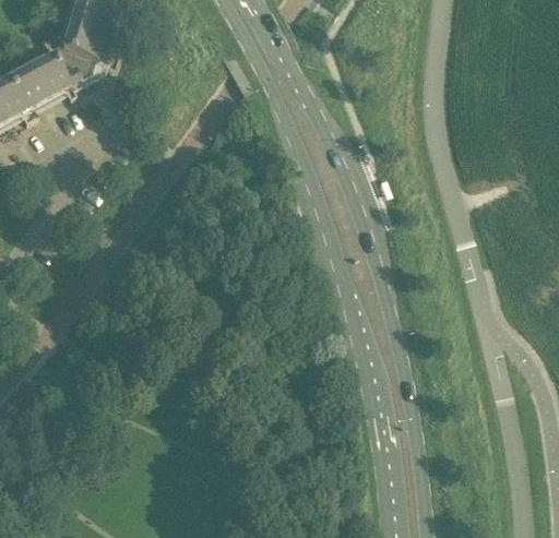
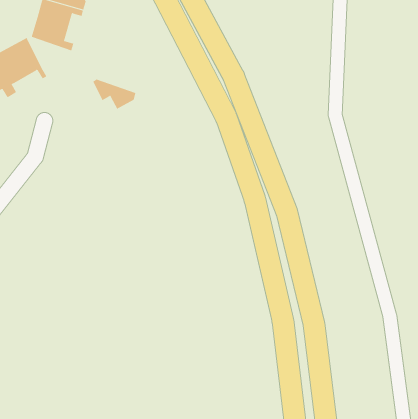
building: [52,49,107,87] -> [93,79,136,109]

